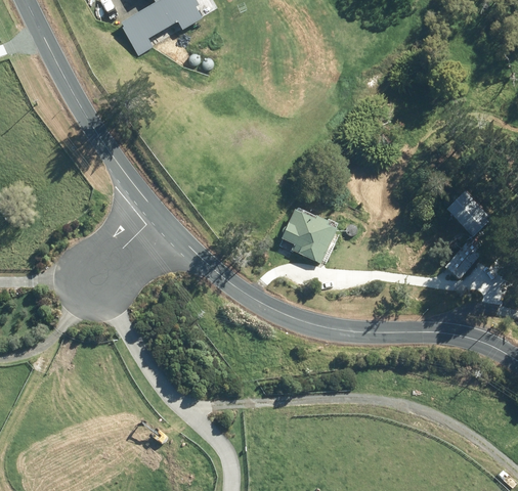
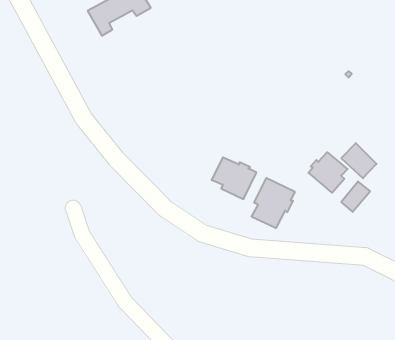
building: none -> [308,152,348,193]
building: none -> [252,178,295,228]

